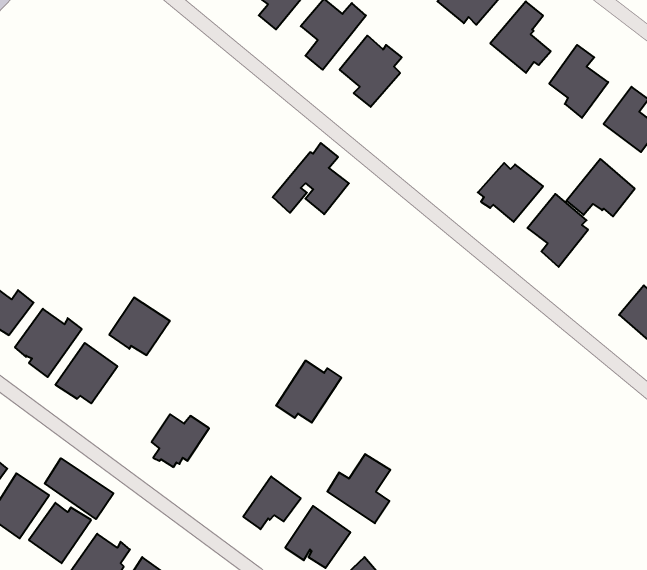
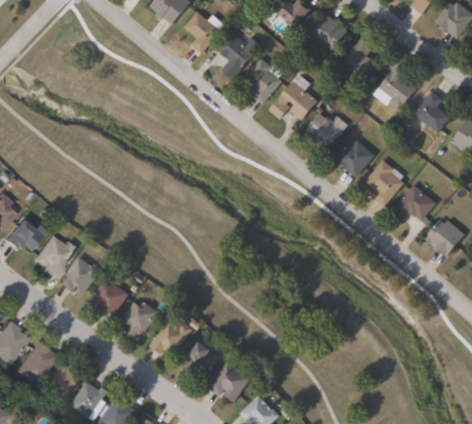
building: none -> [306,105,348,155]
building: [273,143,349,214] -> [269,74,318,121]
building: [566,159,635,216] -> [392,184,437,221]
building: [109,298,170,355] -> [90,278,129,315]
building: [276,361,341,423] -> [150,317,192,358]
building: [327,454,390,523] -> none
building: [45,458,113,519] -> none

